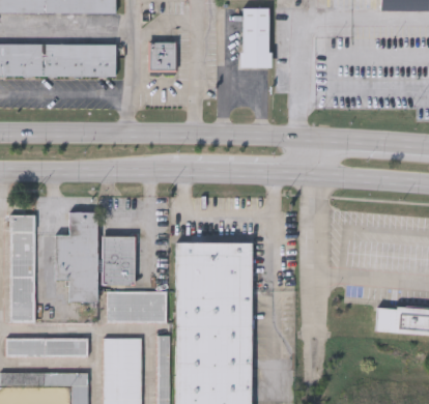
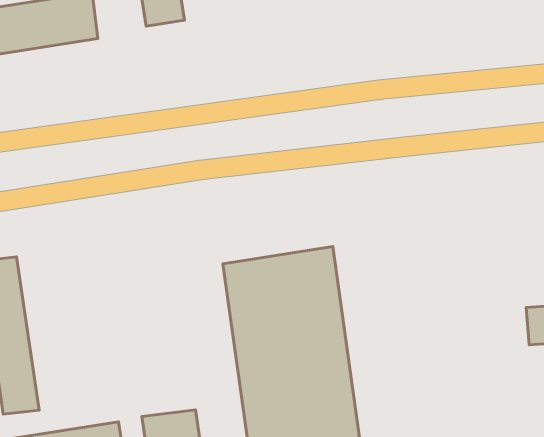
building: [56,212,97,302] -> none
building: [103,236,136,285] -> none
building: [107,291,167,323] -> none

